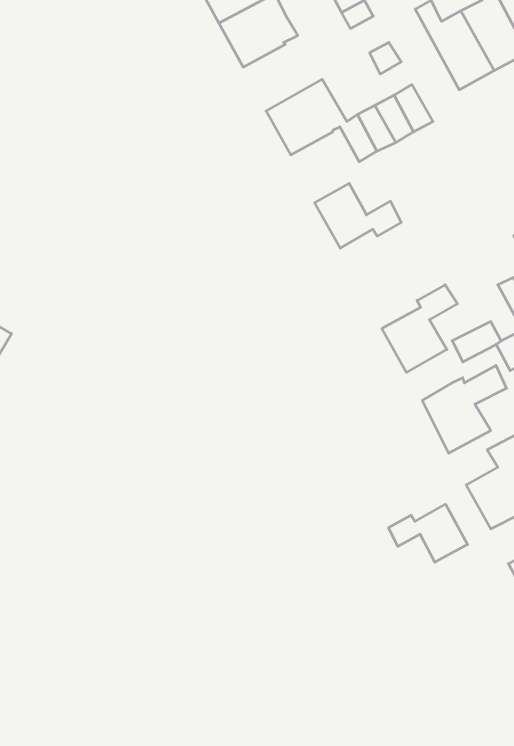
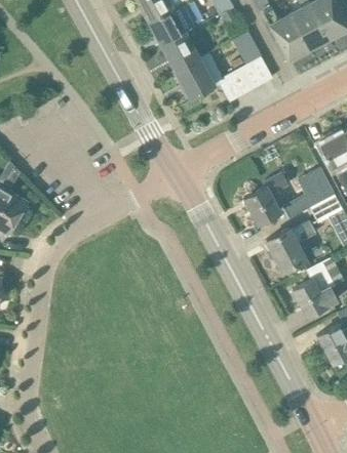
building: none -> [162,34,208,73]
building: [315,183,401,248] -> none
building: [389,504,468,562] -> none

